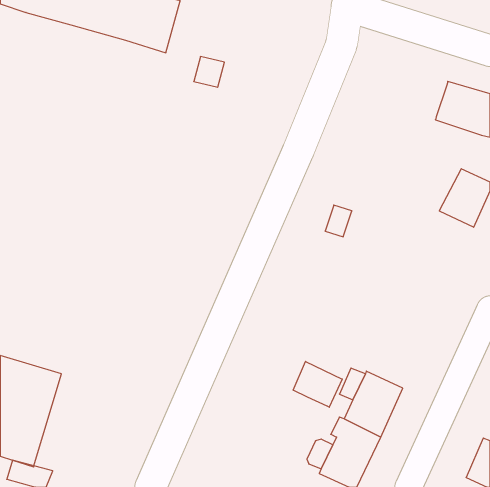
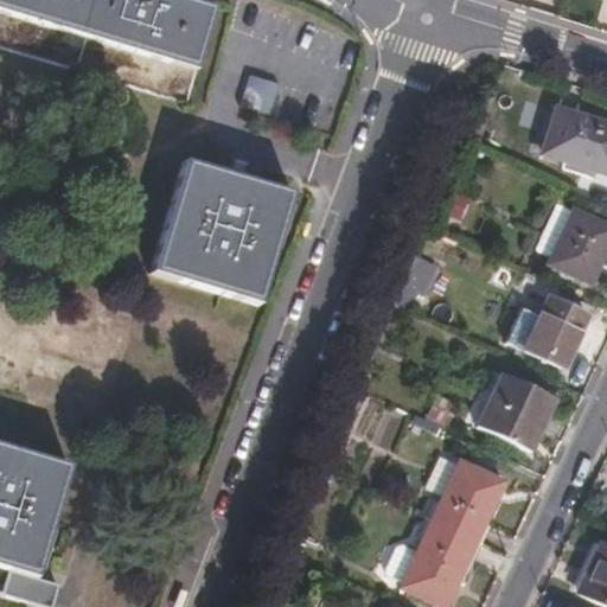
building: none -> [159,160,301,306]
building: none -> [523,295,587,368]
building: none -> [472,371,552,451]
building: [293,361,342,407] -> none

